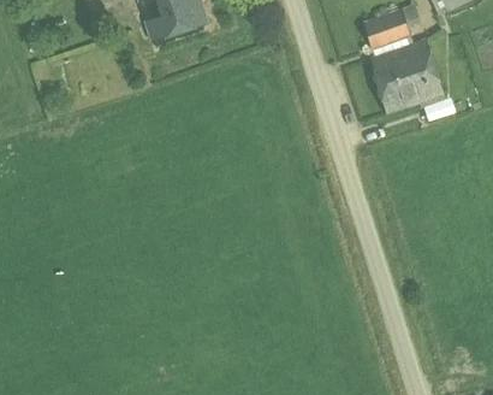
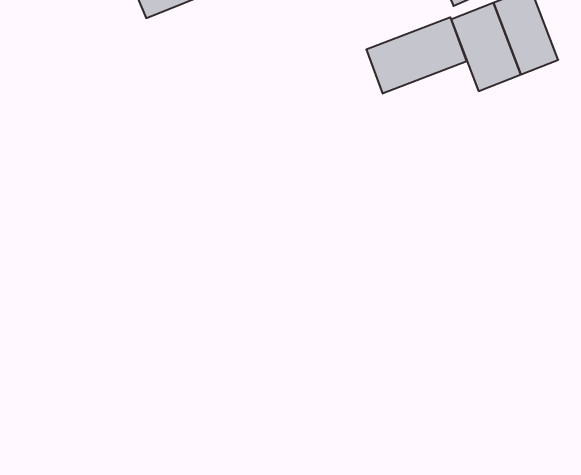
building: none -> [366,17,467,94]

